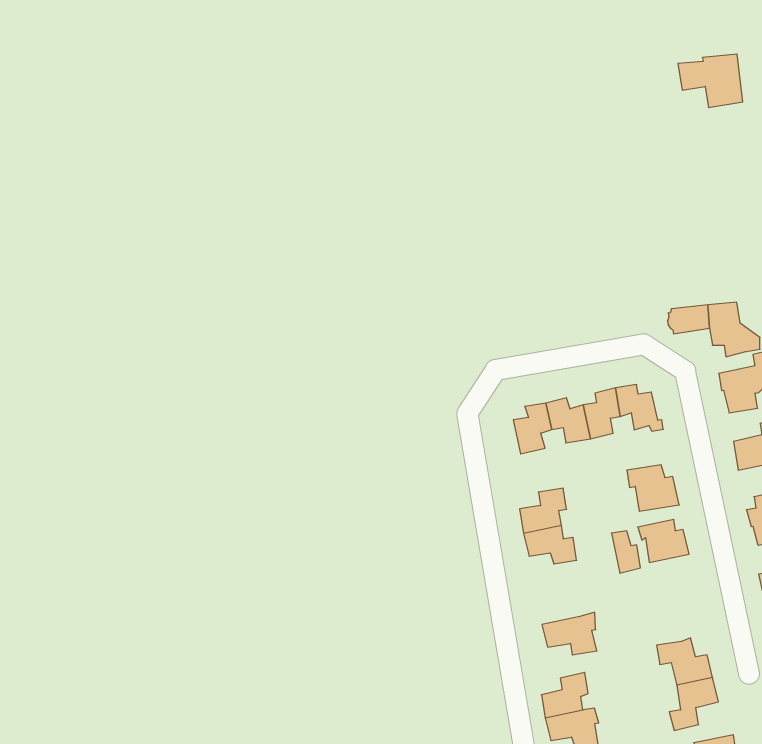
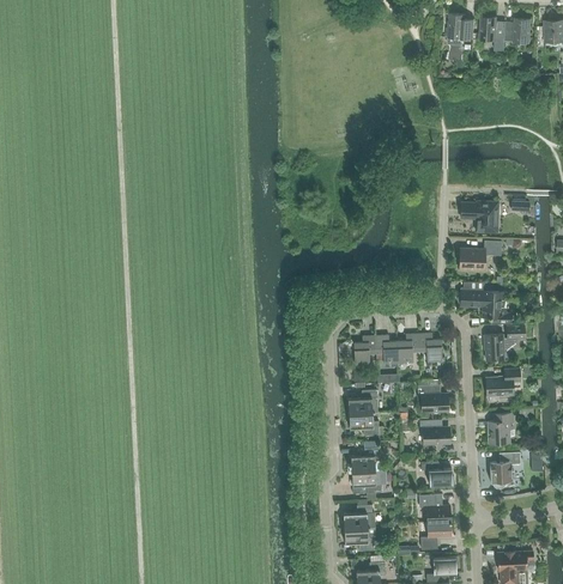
building: [678,54,743,107] -> [461,200,498,231]
building: none -> [459,239,502,269]
building: none -> [351,446,380,470]
building: none -> [420,460,454,485]

